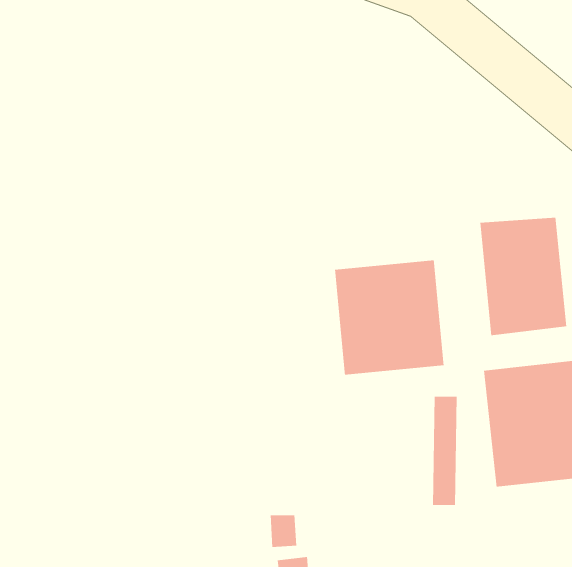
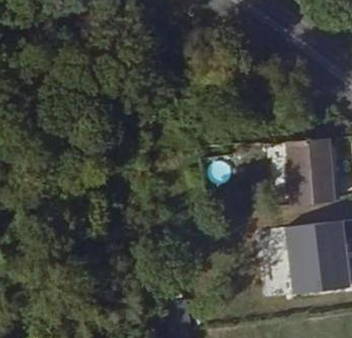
building: [334,260,444,375] -> none

